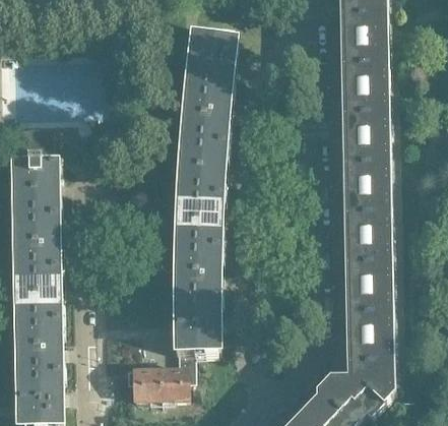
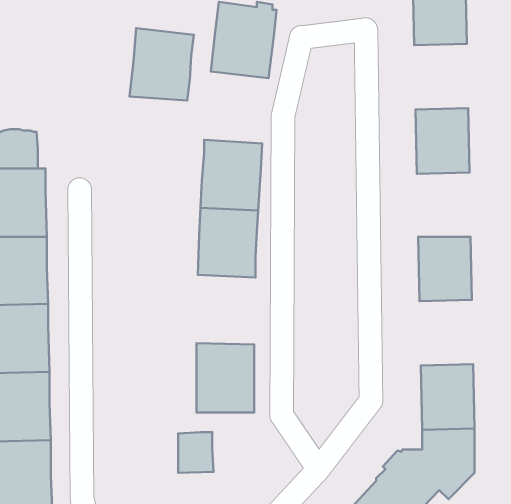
building: [343,64,385,115] -> none
building: [181,85,231,141] -> [129,28,194,100]
building: [345,164,387,214] -> none
building: [175,243,220,297] -> none
building: [347,262,389,313] -> none
building: [133,366,161,397] -> none

